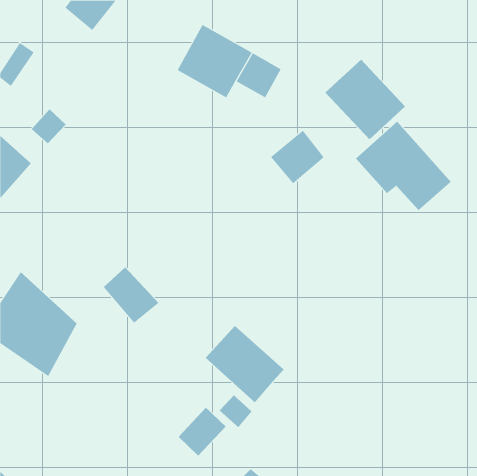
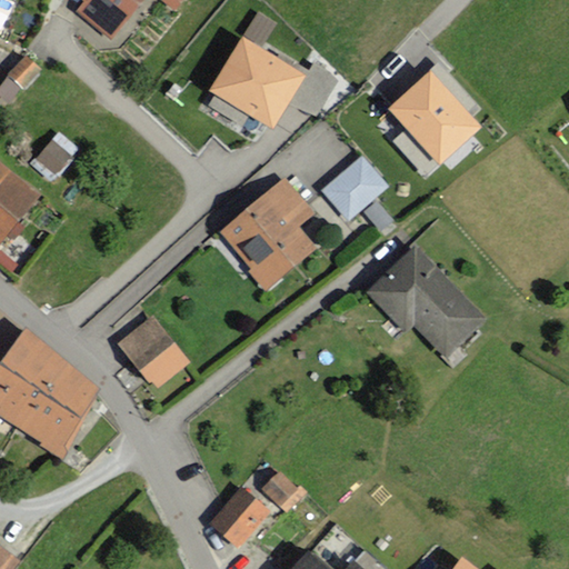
building: [355,121,451,211] -> [368,247,482,353]
building: none -> [220,180,317,290]
building: [205,325,284,403] -> none

